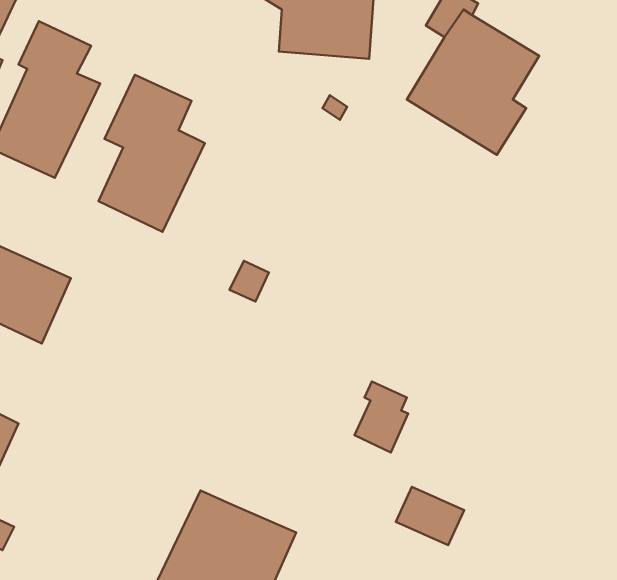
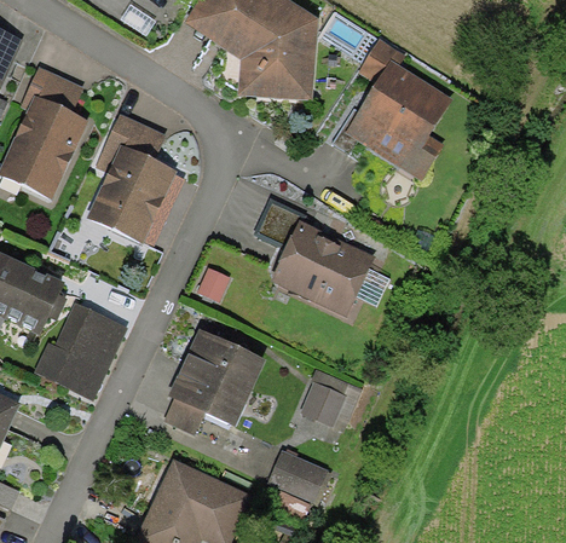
building: none -> [255,197,374,318]
building: none -> [37,304,127,398]
building: none -> [166,329,265,433]
building: [396,487,464,545] -> [268,450,325,498]

